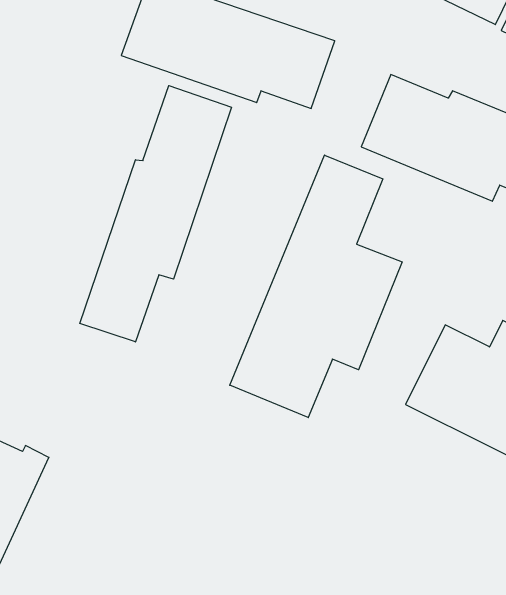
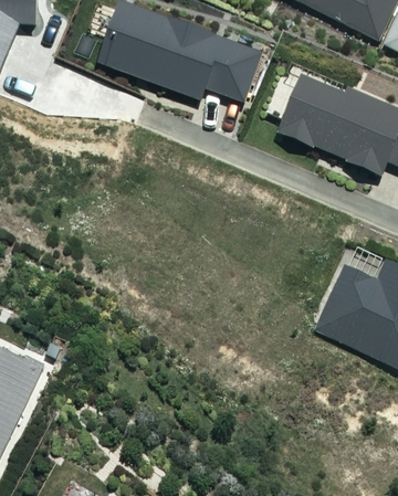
building: [80,86,232,342] -> none
building: [230,155,402,418] -> none

